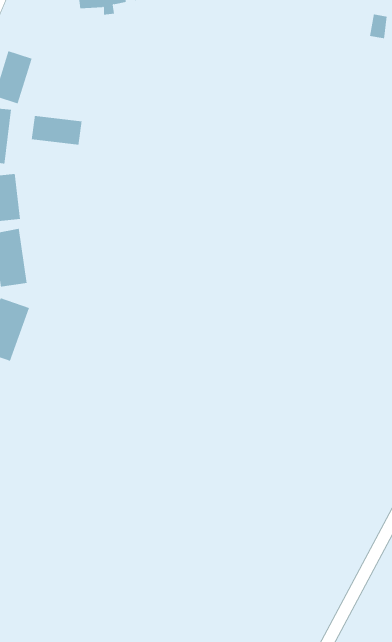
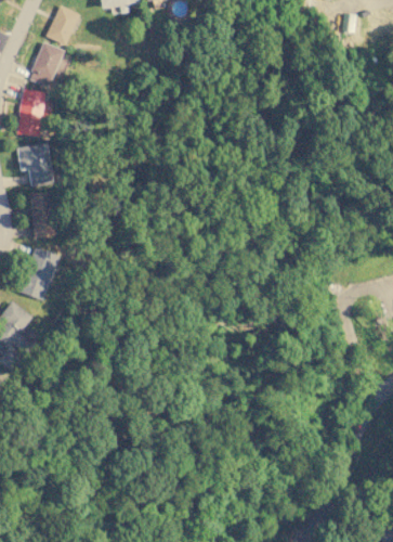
building: none -> [45,5,79,44]
building: [31,115,82,145] -> none

